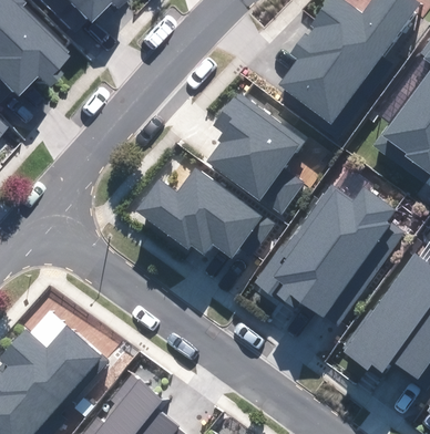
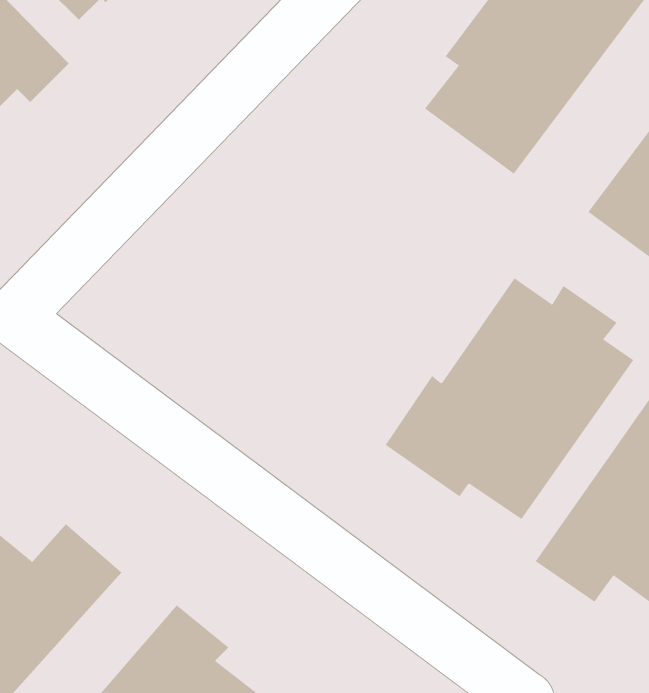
building: [206,93,301,213] -> none
building: [136,167,273,257] -> none

